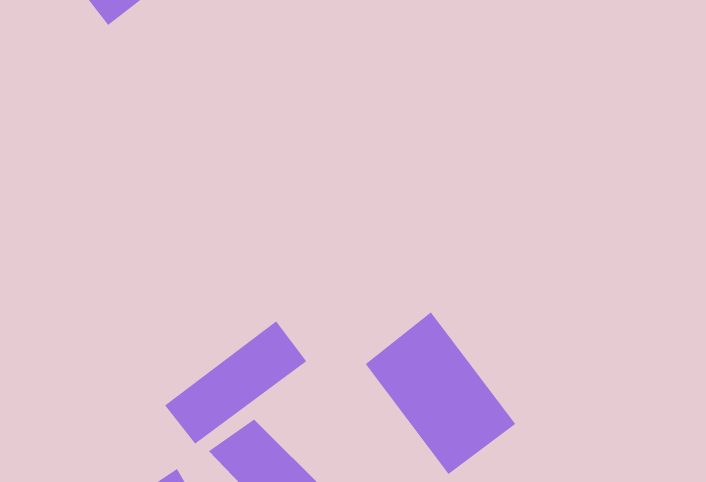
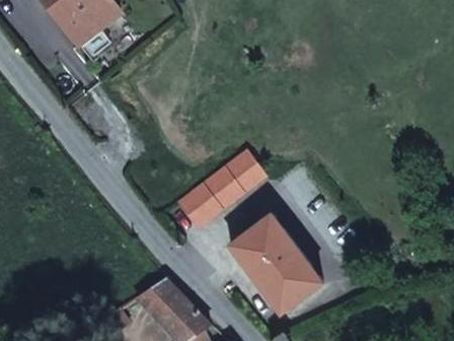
building: [164,320,307,445] -> [179,152,264,226]

